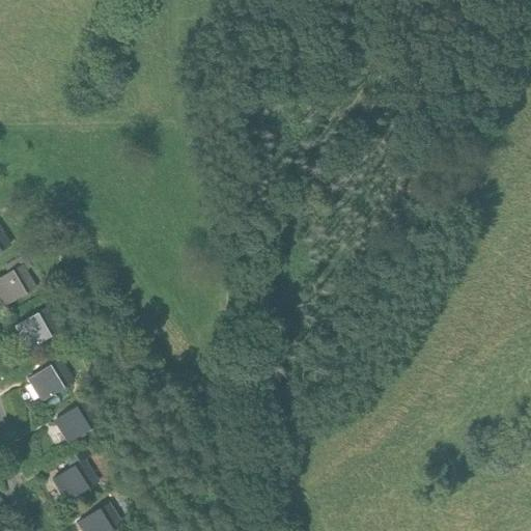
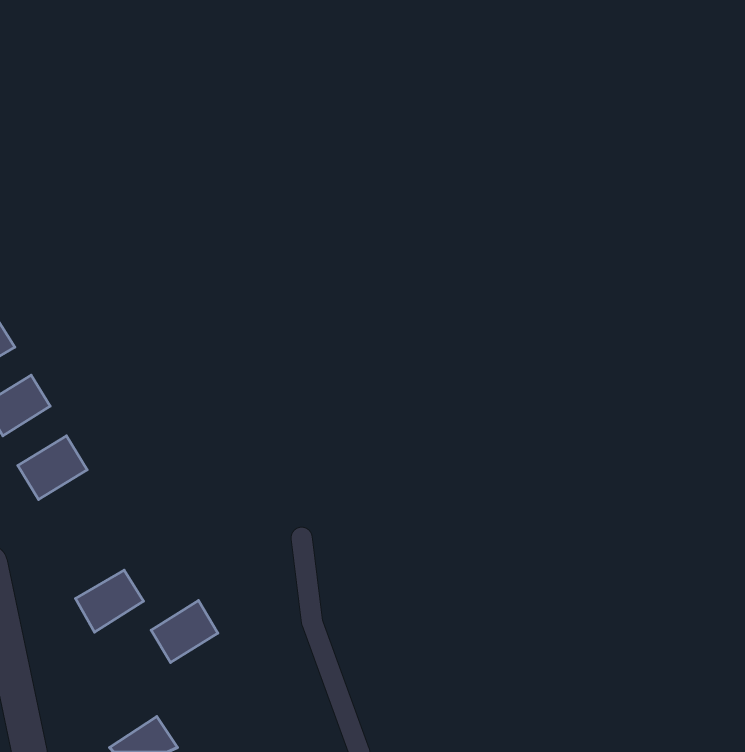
building: [27,358,75,401] -> none
building: [53,460,100,504] -> [151,601,218,663]

